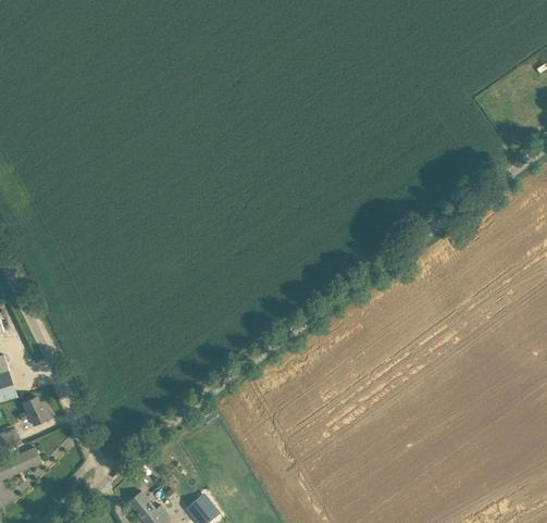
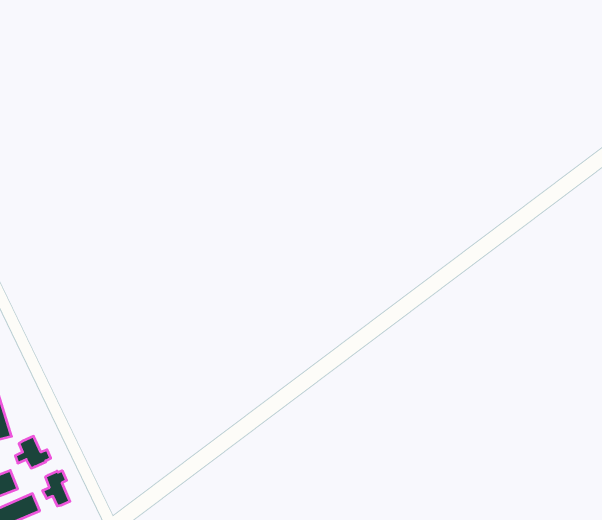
building: none -> [43,471,70,506]

